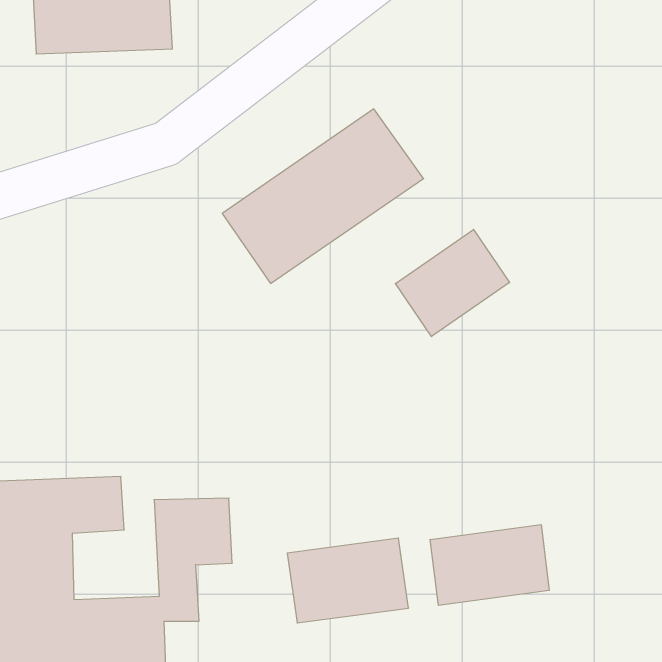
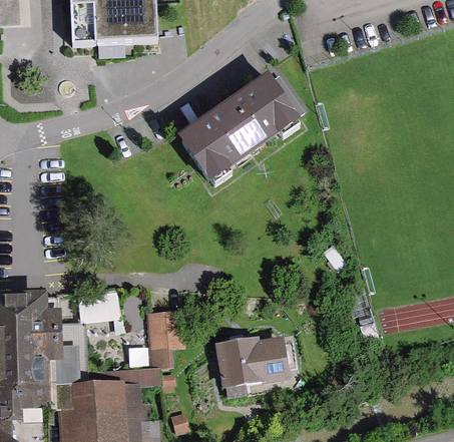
building: [395,229,510,337] -> none
building: [430,525,549,605] -> none

